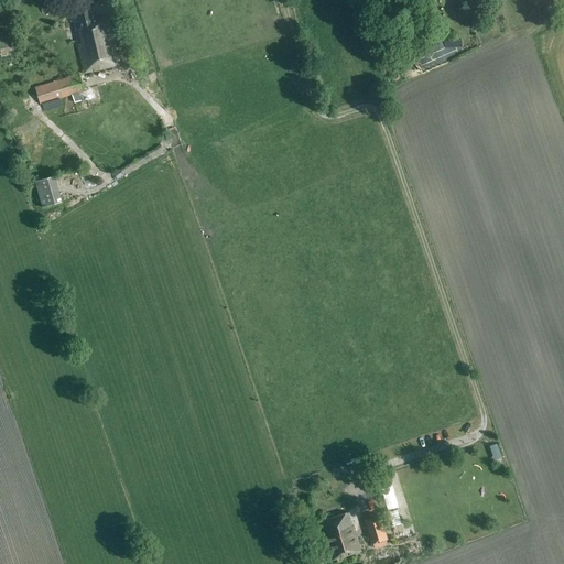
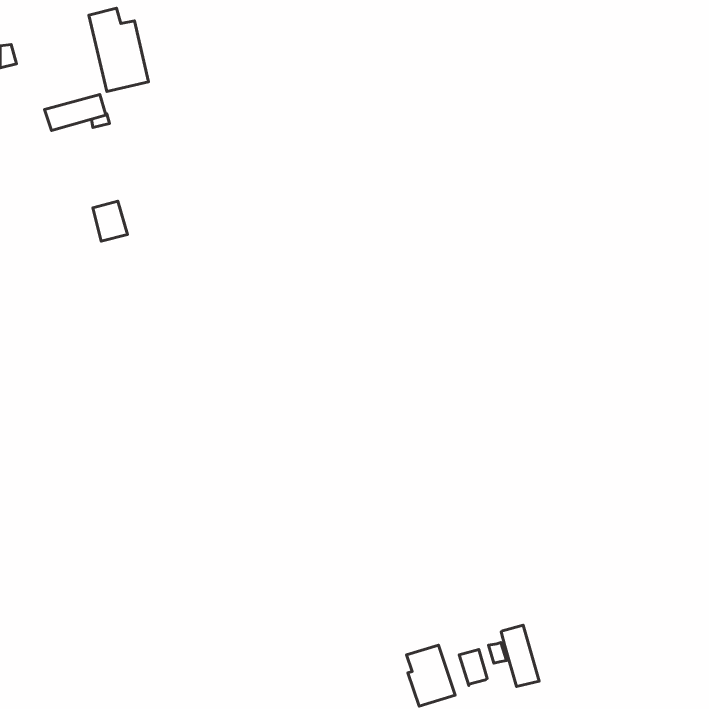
building: [35,176,63,208] -> [93,201,127,241]
building: none -> [501,625,539,686]

